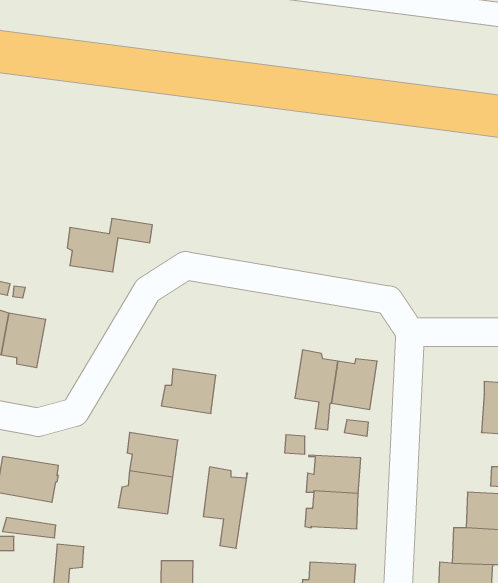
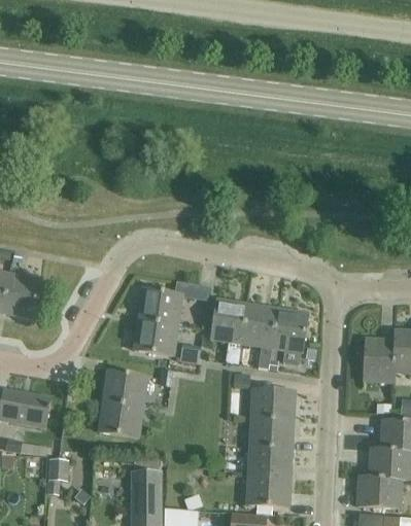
building: [67,219,152,272] -> [140,281,209,324]
building: none -> [364,339,395,382]
building: [203,467,248,548] -> [211,299,247,364]
building: none -> [248,447,292,478]

